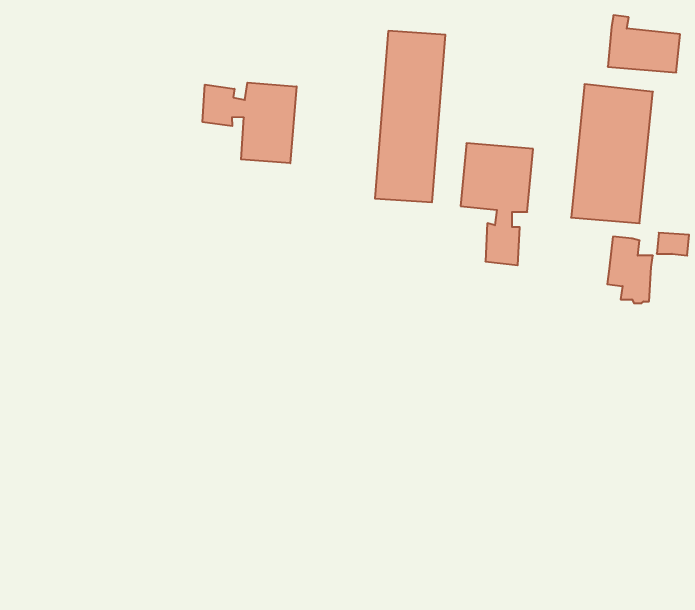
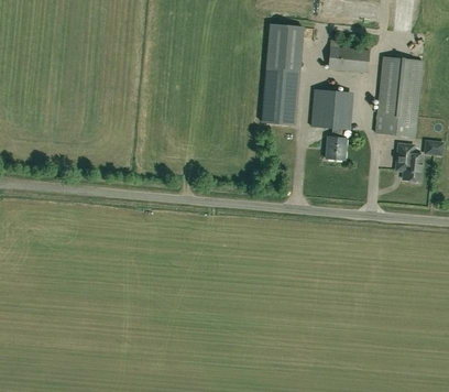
building: [608,15,680,72] -> [328,39,370,72]
building: [203,83,297,163] -> none

